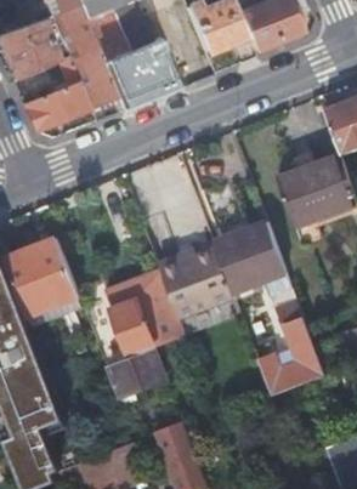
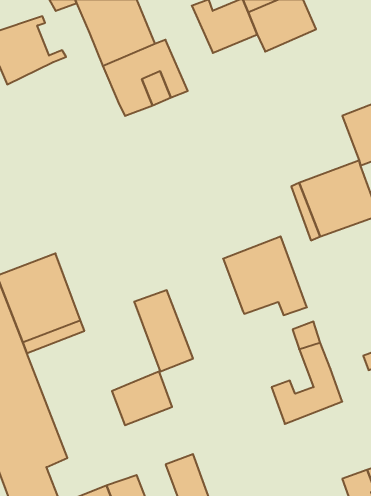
building: [62,25,115,107] -> none
building: [23,56,89,132] -> none
building: [158,243,238,324] -> none
building: [106,283,154,357] -> none

